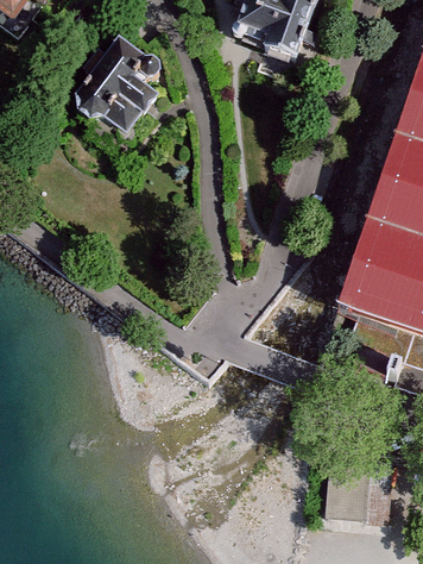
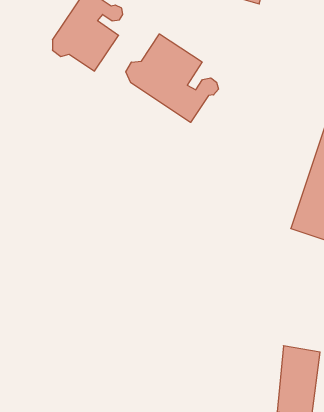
building: none -> [126,34,219,122]

